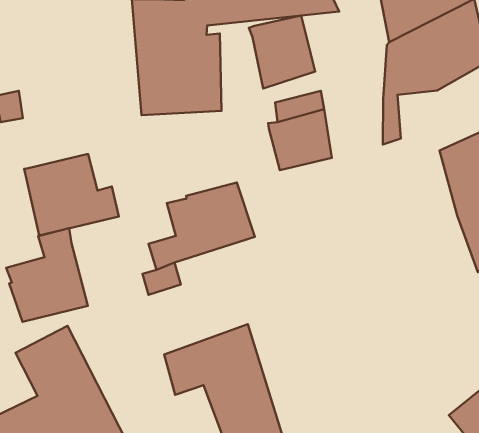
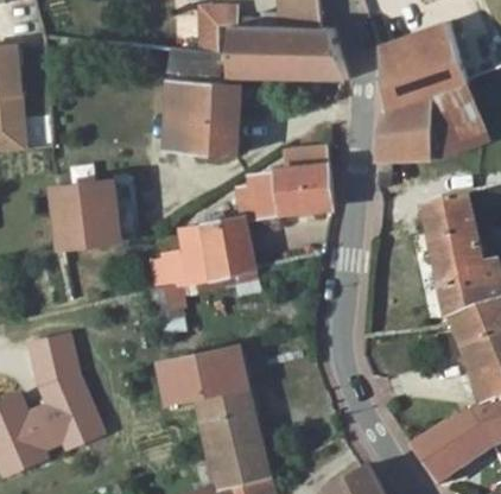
building: [249,16,315,88] -> none
building: none -> [236,176,280,221]
building: [6,228,88,322] -> none

